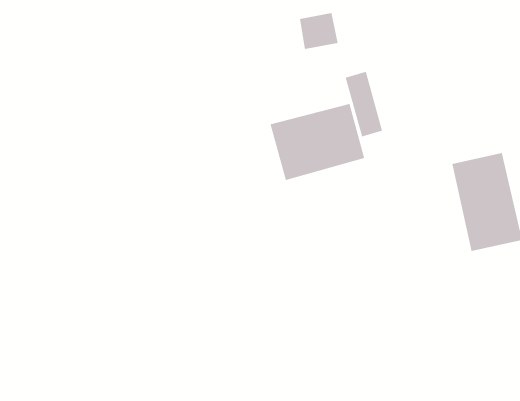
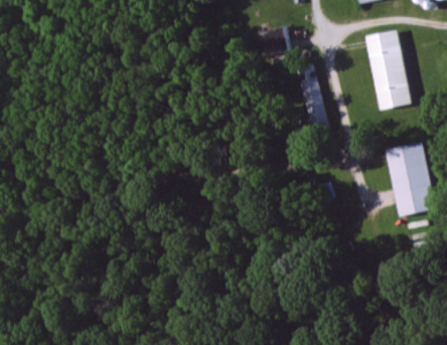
building: none -> [363,29,411,110]
building: [270,103,365,181] -> none

